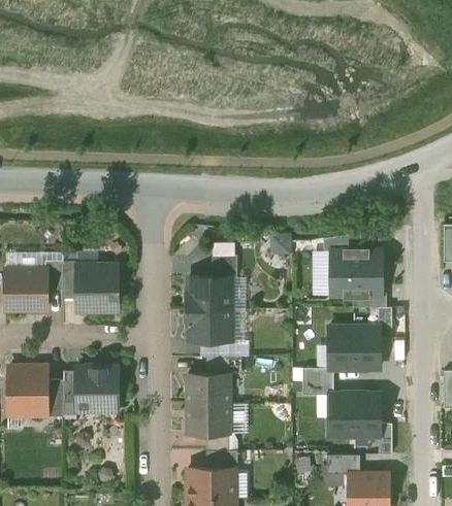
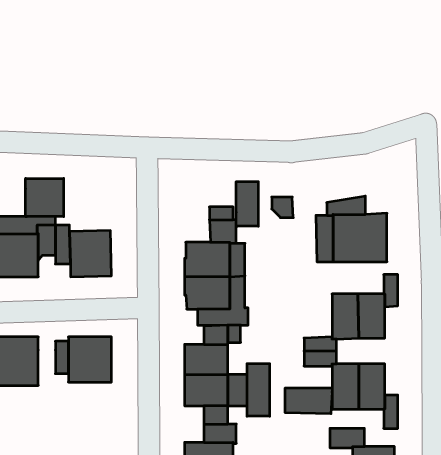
building: none -> [26,178,64,217]
building: none -> [236,182,258,226]
building: [45,380,64,417] -> none
building: none -> [247,364,270,416]
building: none -> [285,388,332,414]

